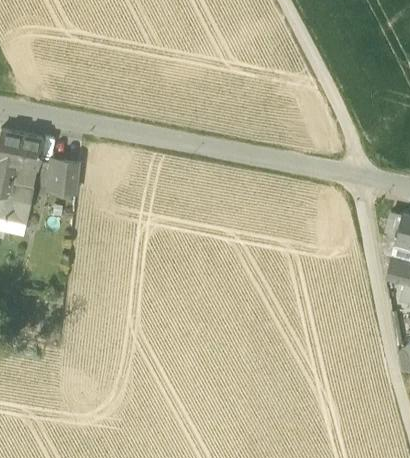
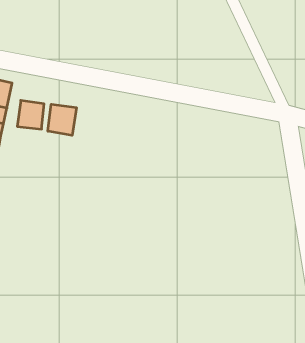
building: none -> [48,104,76,135]

